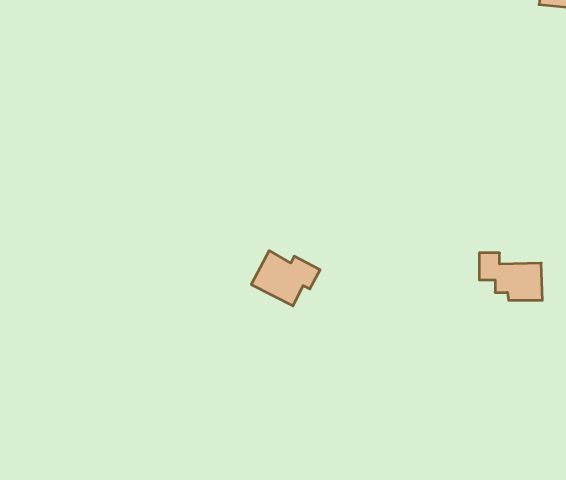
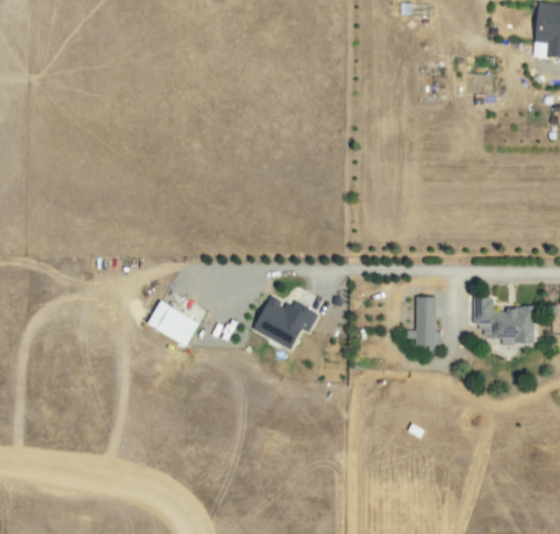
building: none -> [415,297,441,346]
building: none -> [145,301,197,346]

